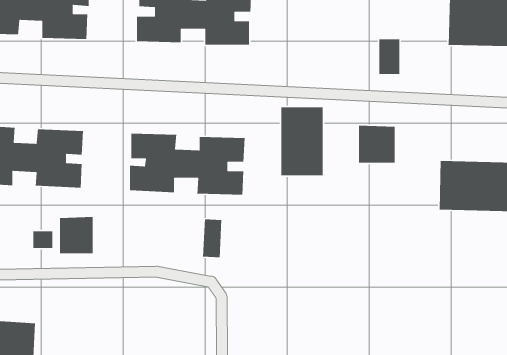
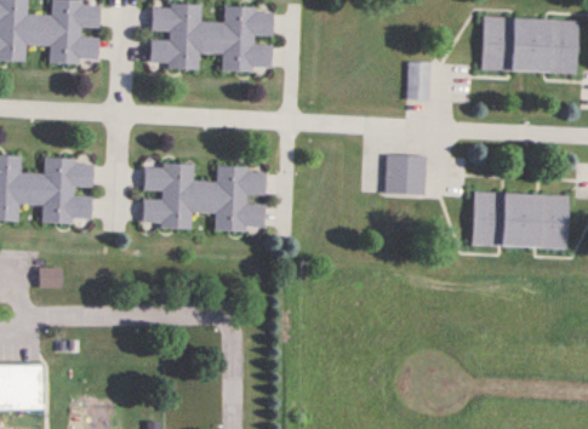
building: [281,107,323,176] -> none
building: [59,216,94,254] -> none
building: [202,219,222,258] -> none

